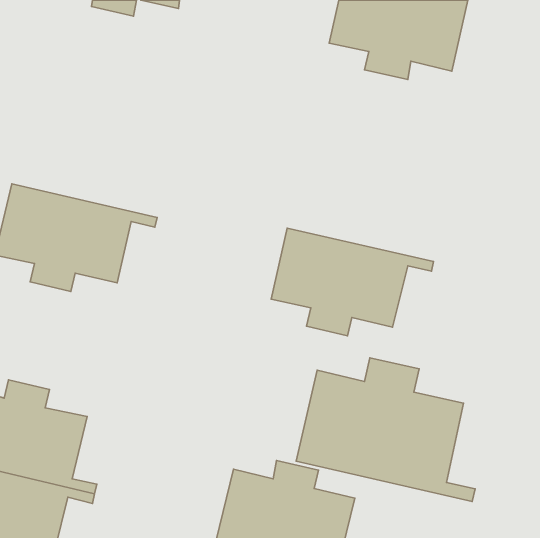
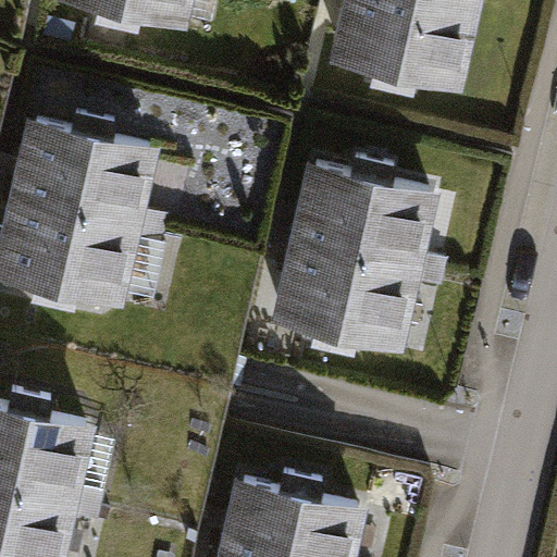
building: none -> [11,116,161,232]
building: none -> [290,162,441,276]
building: [296,358,475,501] -> none

